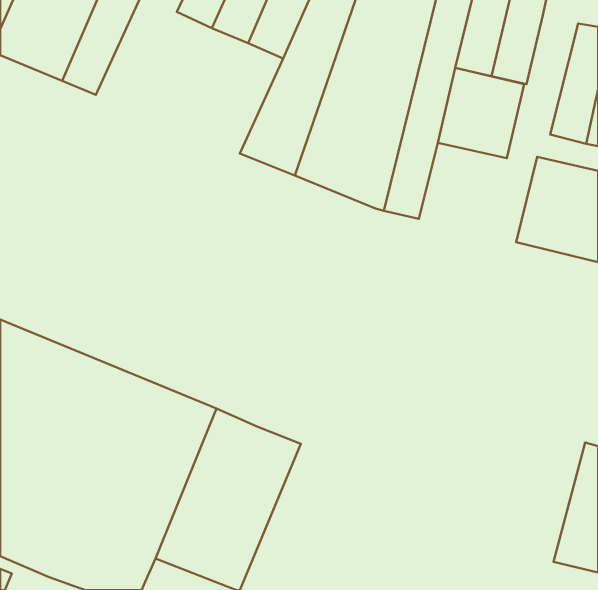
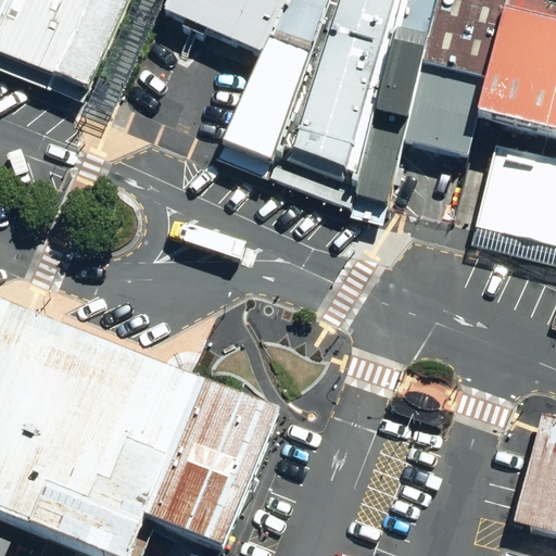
building: none -> [479,14,536,125]

